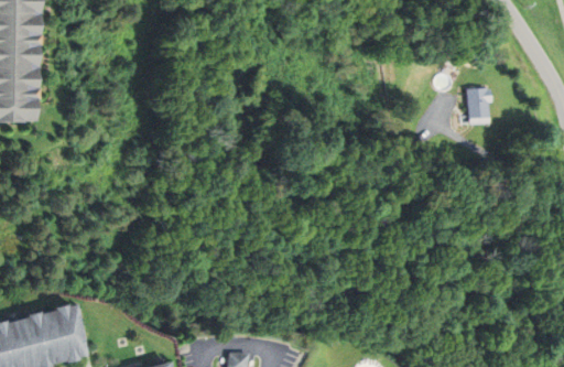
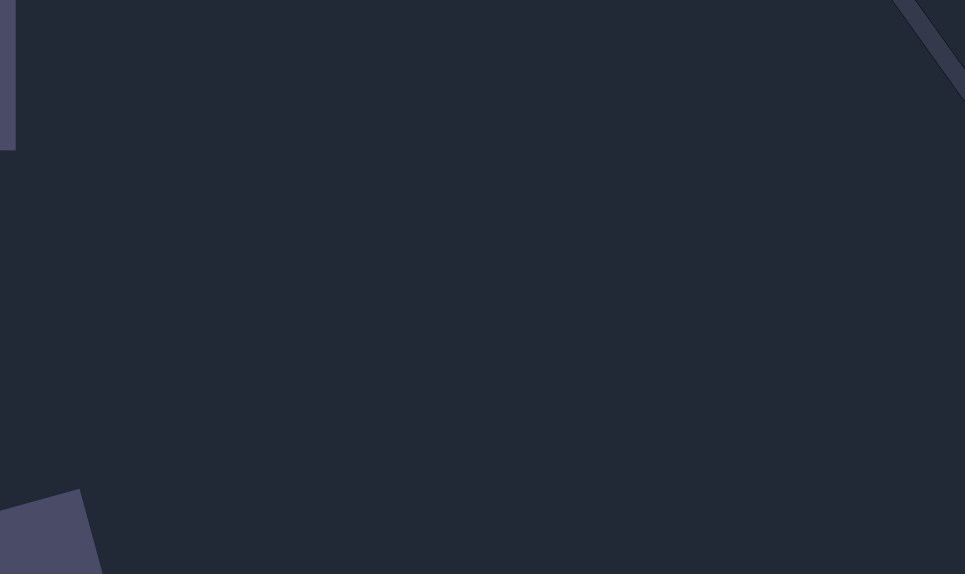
building: [467,87,491,122] -> none

